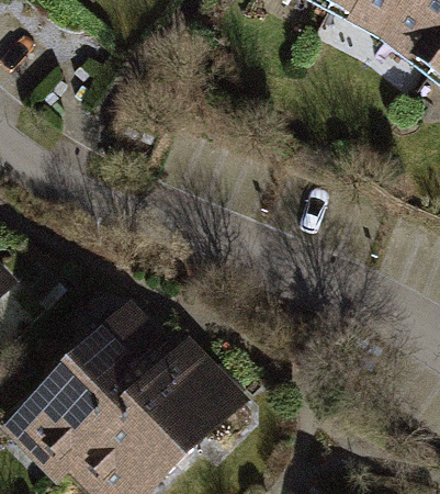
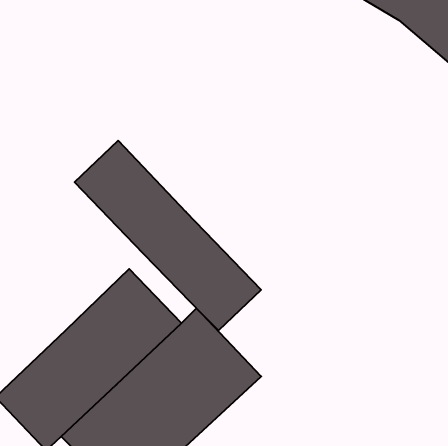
building: none -> [75,141,261,331]

